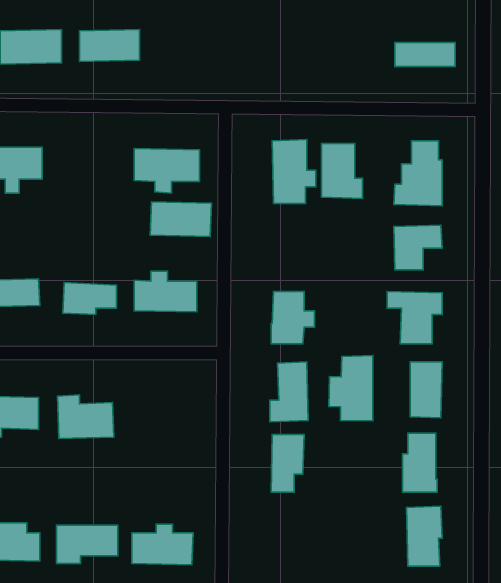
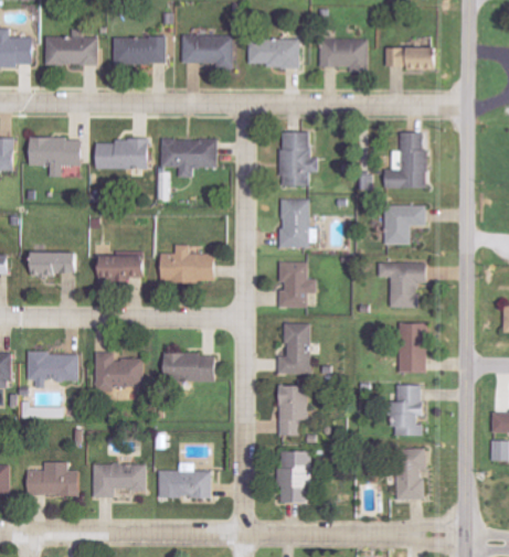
building: none -> [181,35,233,68]
building: none -> [247,39,299,67]
building: none -> [318,40,367,72]
building: [322,144,362,199] -> [279,200,315,247]
building: [150,202,212,236] -> [95,140,148,170]
building: [329,356,373,421] -> none
building: none -> [162,353,215,382]
building: none -> [277,451,309,503]

